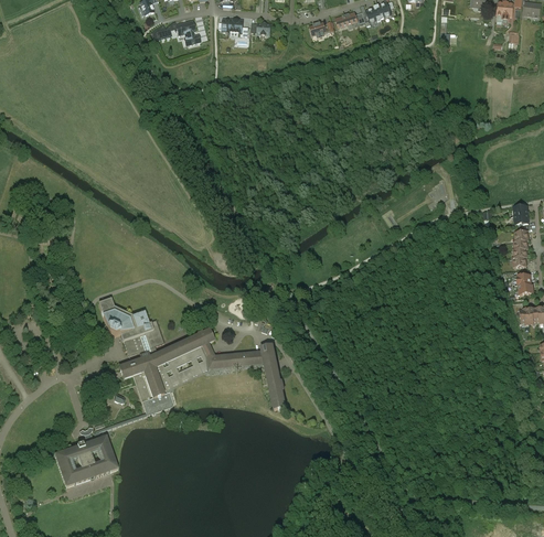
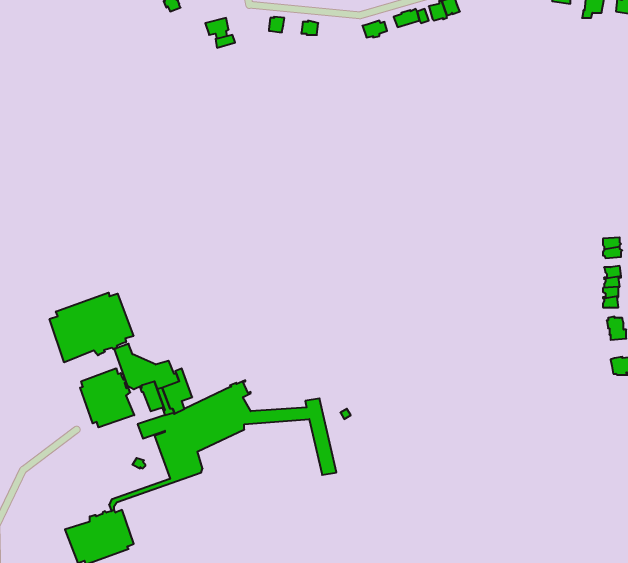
building: none -> [50,293,133,362]
building: none -> [80,368,134,427]

